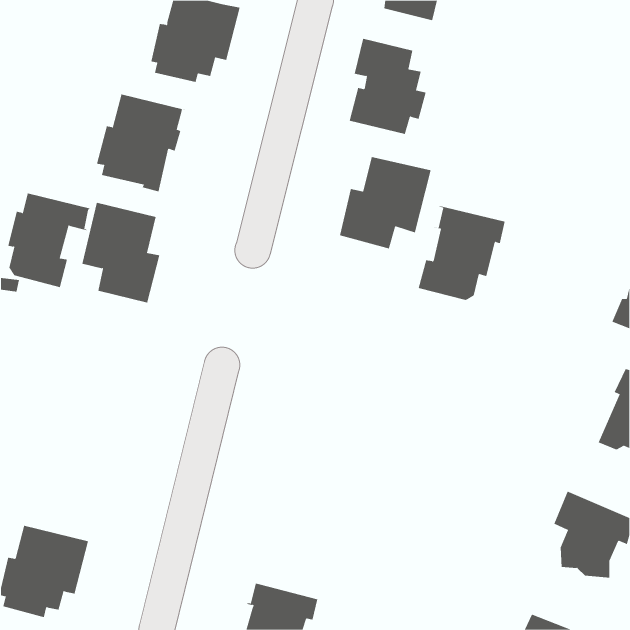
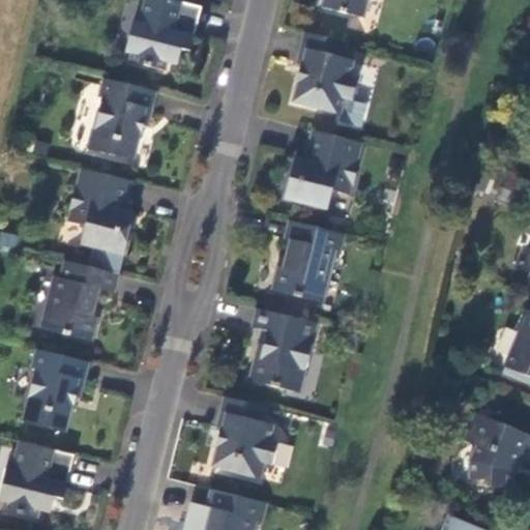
building: [7,193,92,288] -> [48,261,119,341]
building: [418,205,505,300] -> [271,220,345,300]
building: none -> [248,308,317,391]
building: none -> [24,350,89,432]
building: none -> [213,396,277,477]

